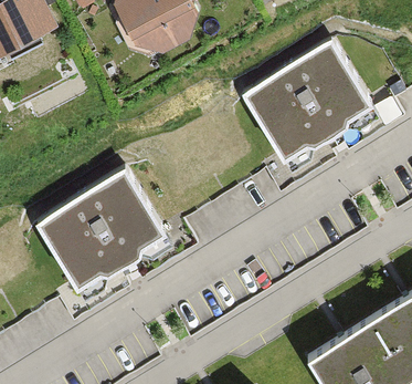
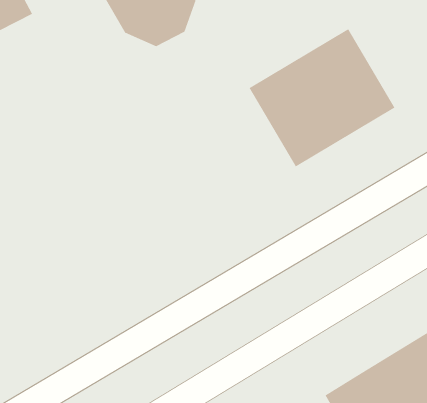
building: [39,168,167,290] -> none

